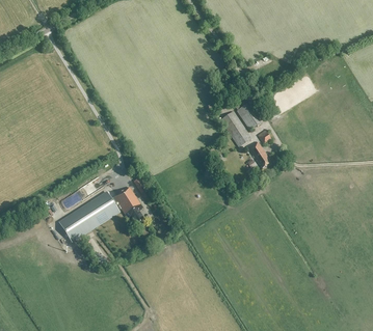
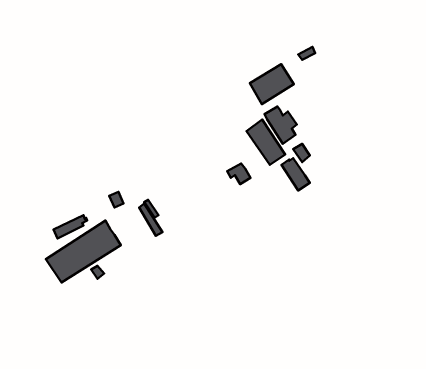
building: none -> [250,64,294,104]
building: [111,186,144,224] -> none

